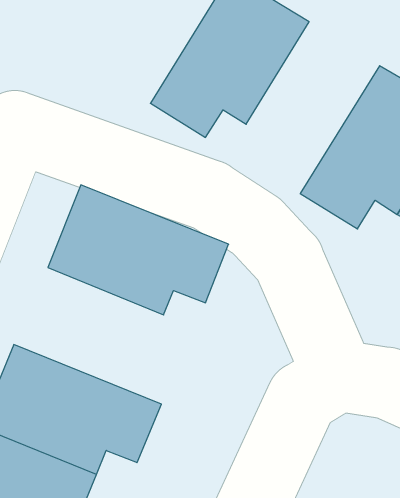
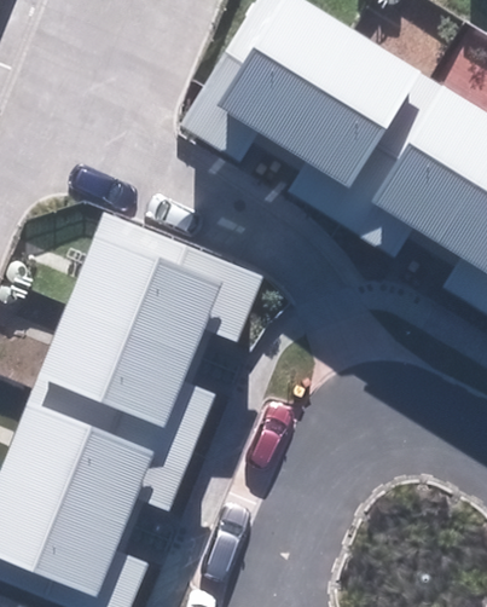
building: none -> [286,33,433,221]
building: none -> [31,302,216,452]

